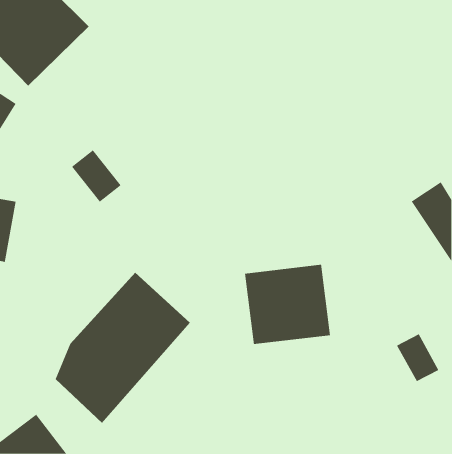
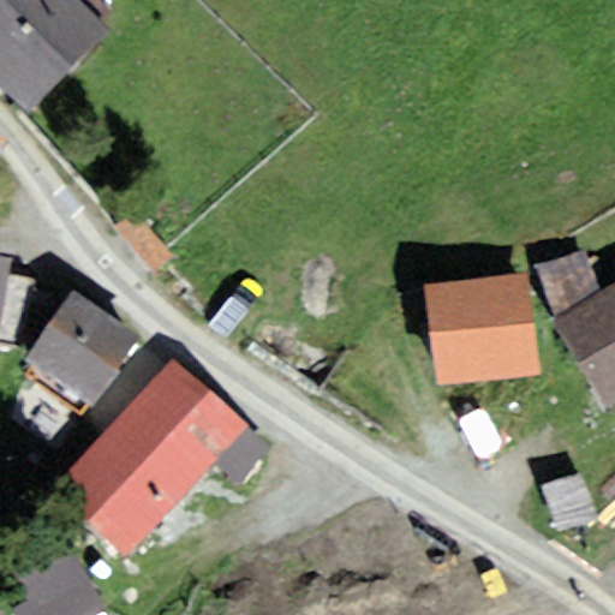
building: none -> [12,293,124,404]
building: [244,264,331,345] -> [436,277,550,383]

